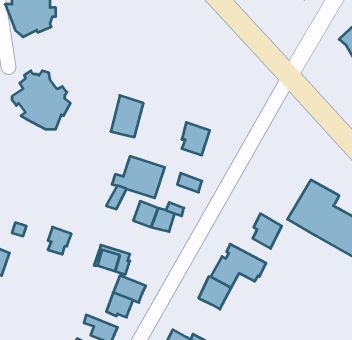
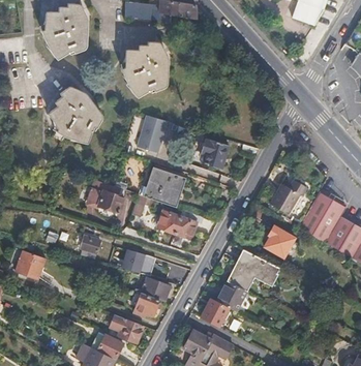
building: none -> [122,41,169,97]
building: none -> [270,178,306,214]
building: none -> [90,182,130,214]
building: none -> [202,298,230,327]

